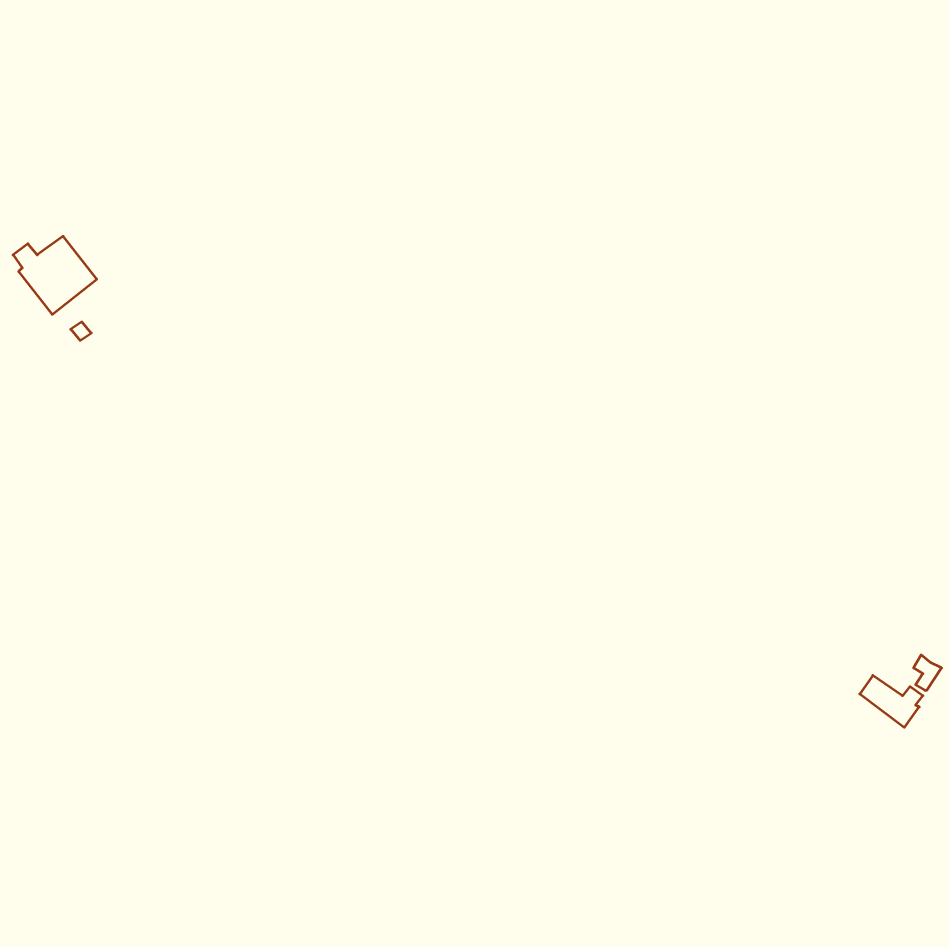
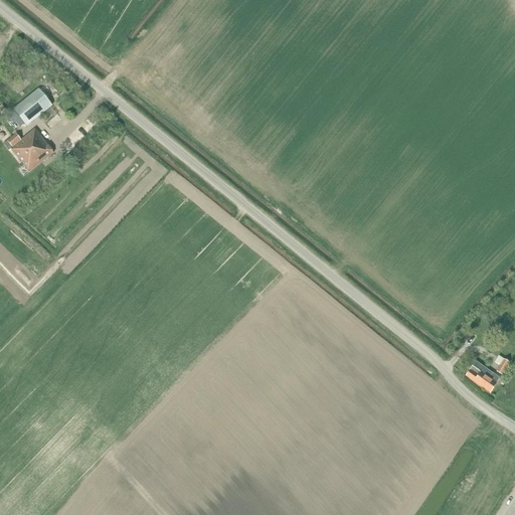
building: none -> [13,89,51,124]

